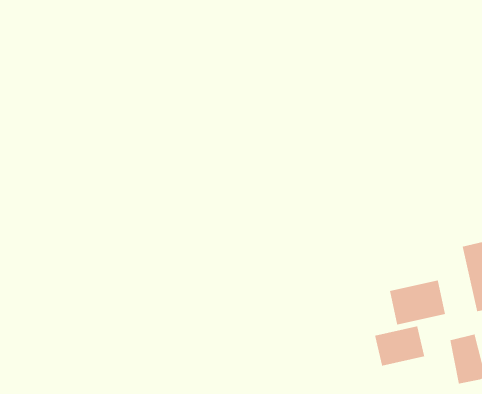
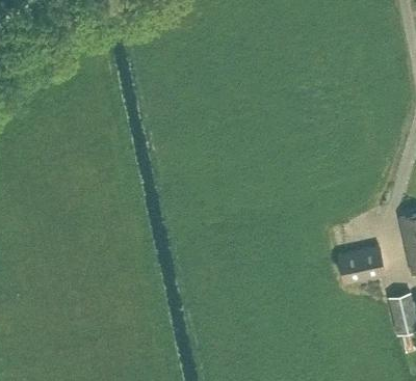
building: [375,326,425,367] -> none

